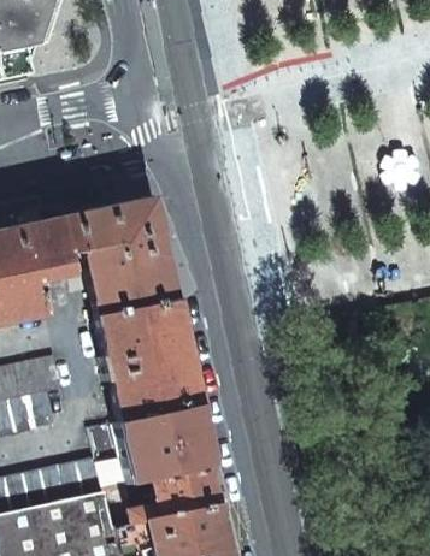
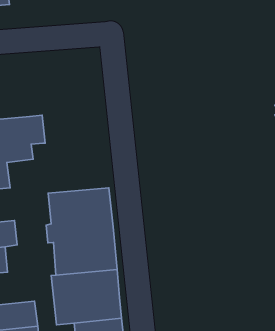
building: [78,196,177,314] -> none

